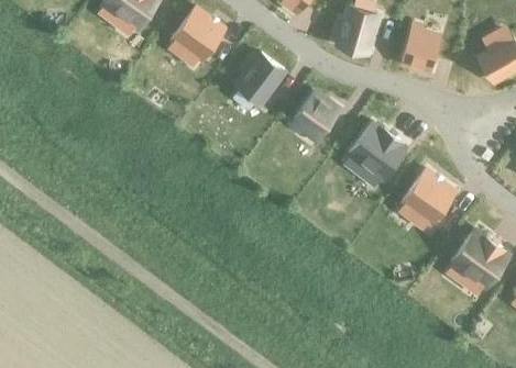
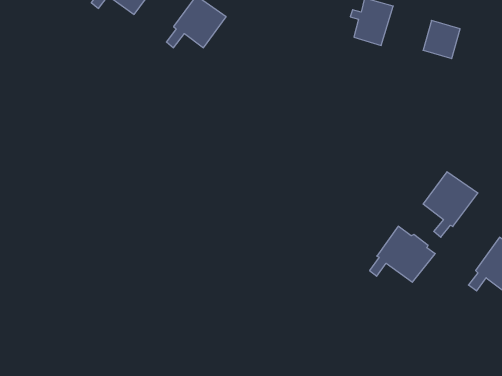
building: [239,56,283,102] -> none
building: [295,96,334,135] -> none
building: [344,126,405,178] -> [370,226,435,282]

